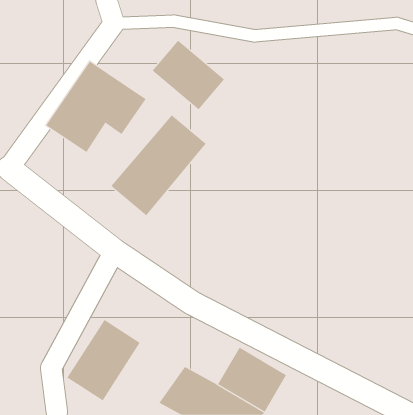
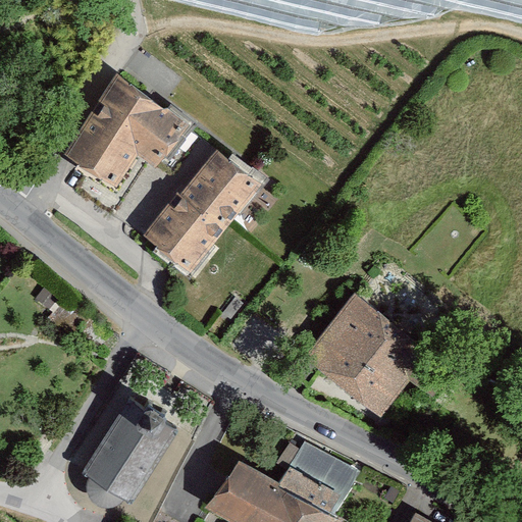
building: [152,40,225,110] -> none
building: none -> [302,294,431,419]

